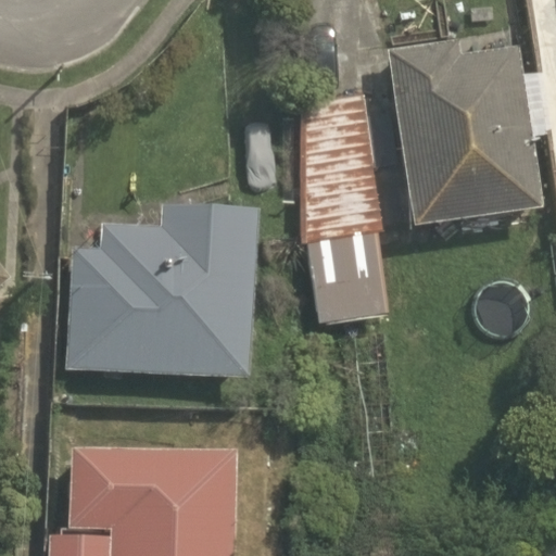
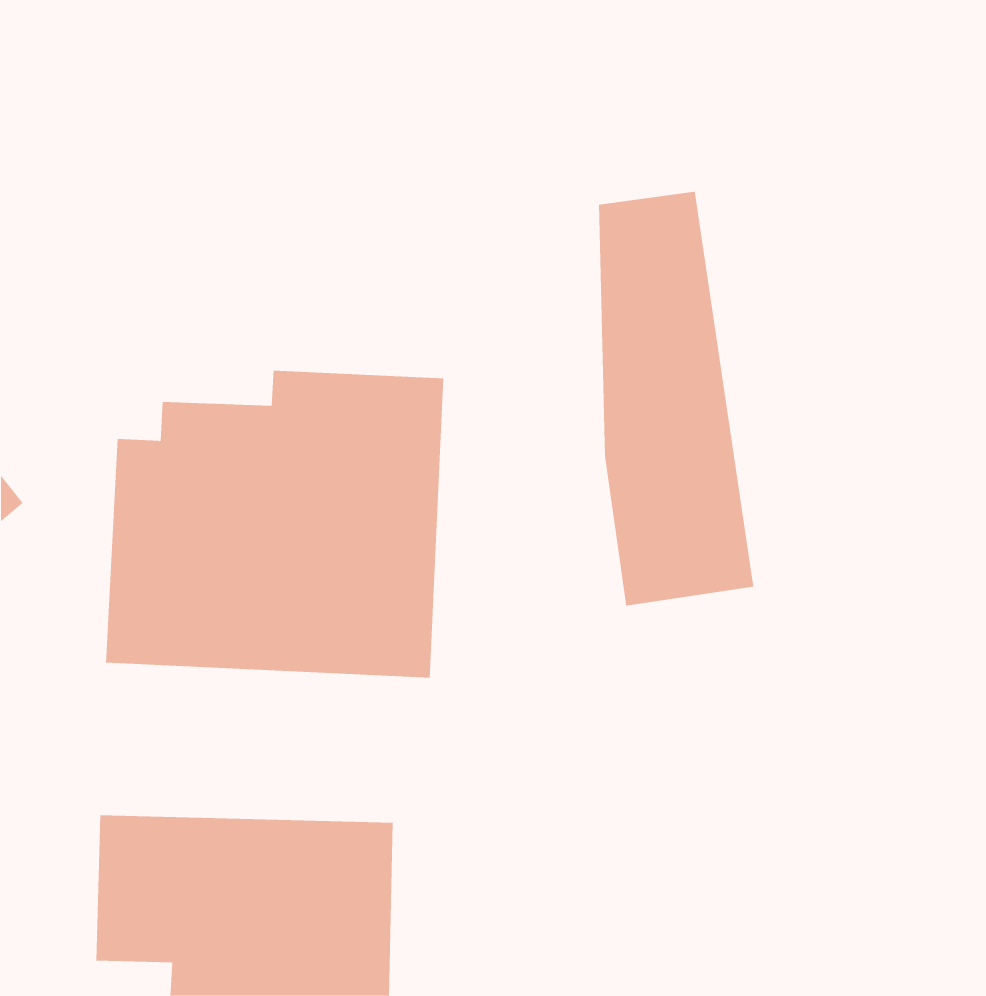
building: [389,38,542,224] -> none

